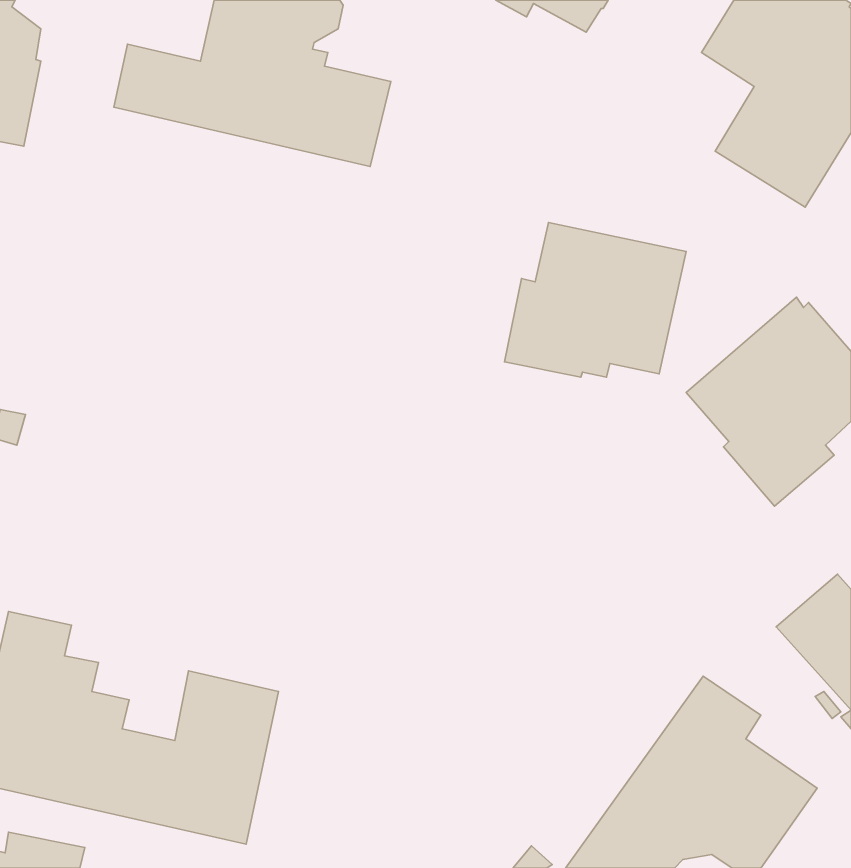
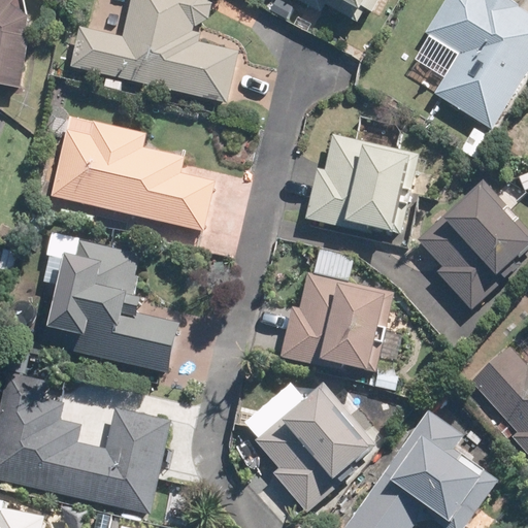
building: none -> [50,118,213,229]
building: none -> [42,239,178,370]
building: none -> [282,273,392,366]
building: none -> [257,387,375,512]

